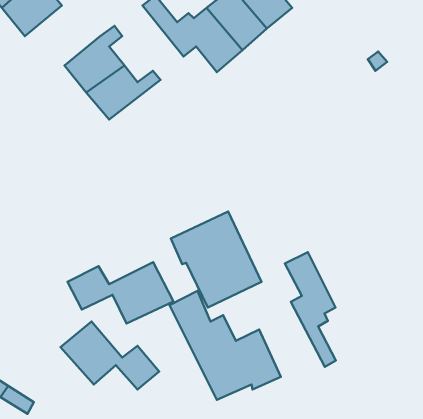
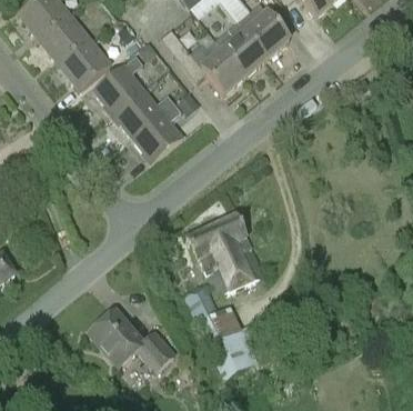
building: none -> [57,37,110,89]
building: none -> [130,101,181,161]
building: [285,252,336,367] -> none
building: [67,262,173,324] -> none

